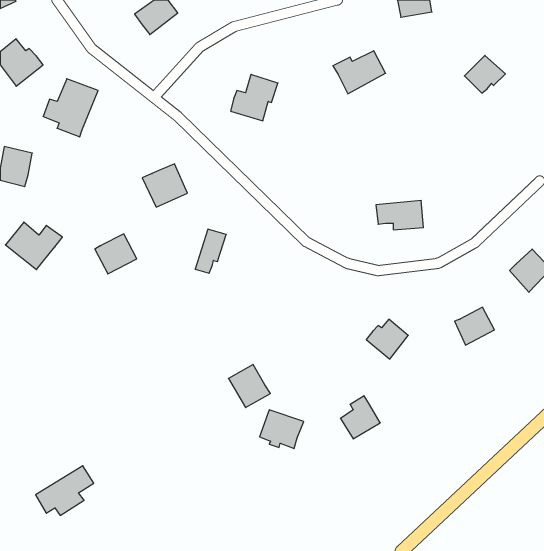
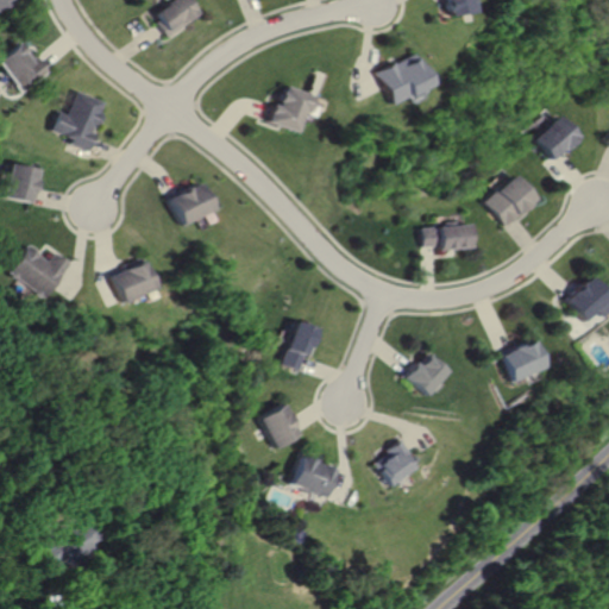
building: [464,55,505,93] -> [533,117,578,158]
building: none -> [486,175,541,224]
building: [195,229,226,273] -> [285,319,320,368]

